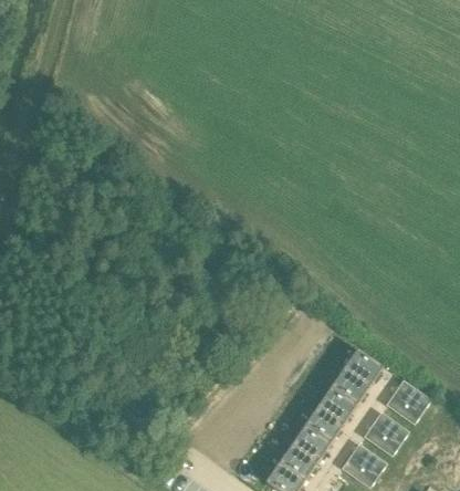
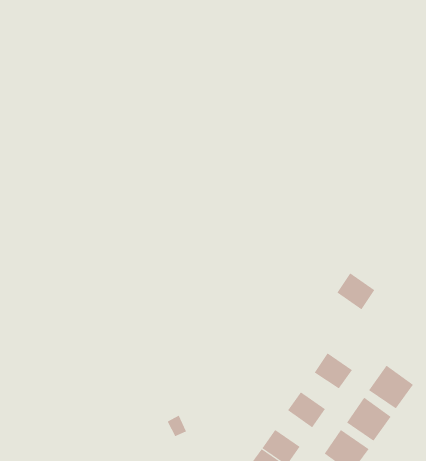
building: [343,346,381,384] -> [336,272,375,310]
building: [316,386,355,422] -> none
building: [291,424,328,460] -> none

